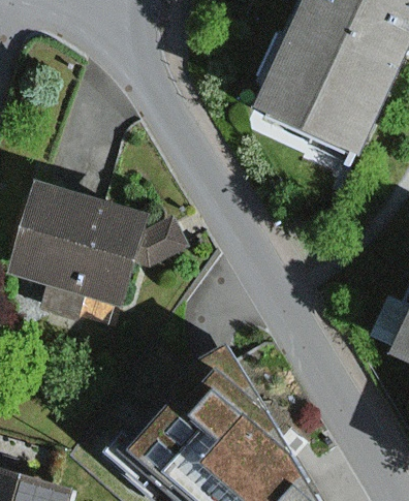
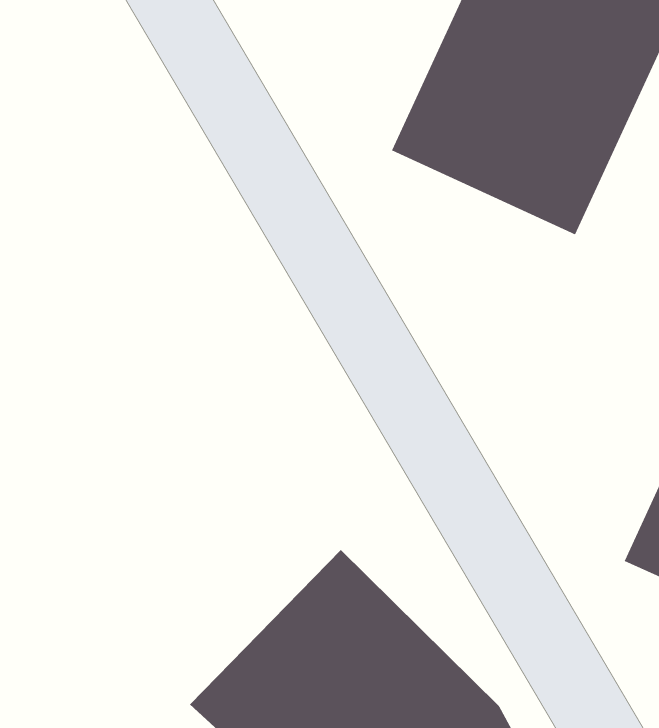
building: [31,186,168,306] -> none

